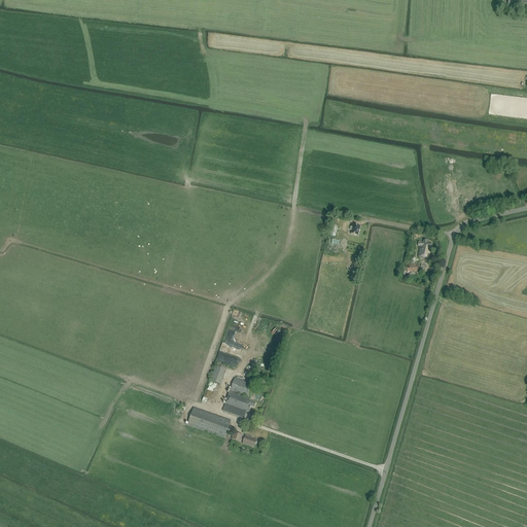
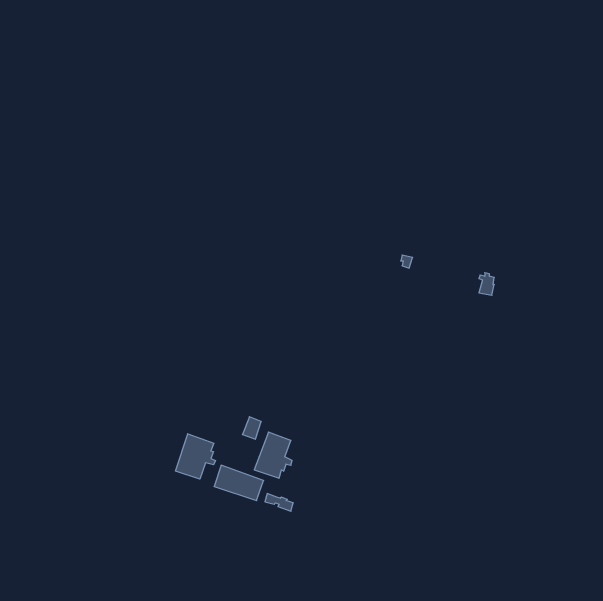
building: none -> [175,434,216,479]

